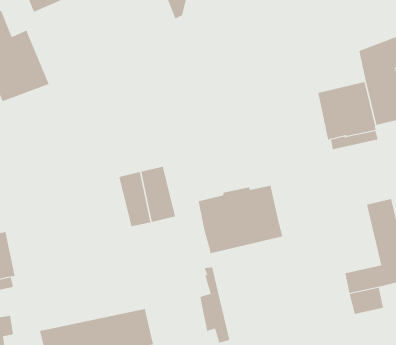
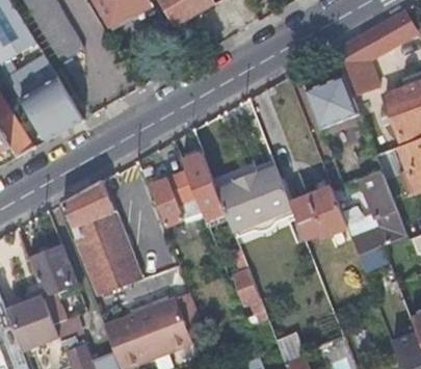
building: none -> [183,152,229,227]
building: none -> [63,179,141,293]
building: none -> [291,186,349,238]

